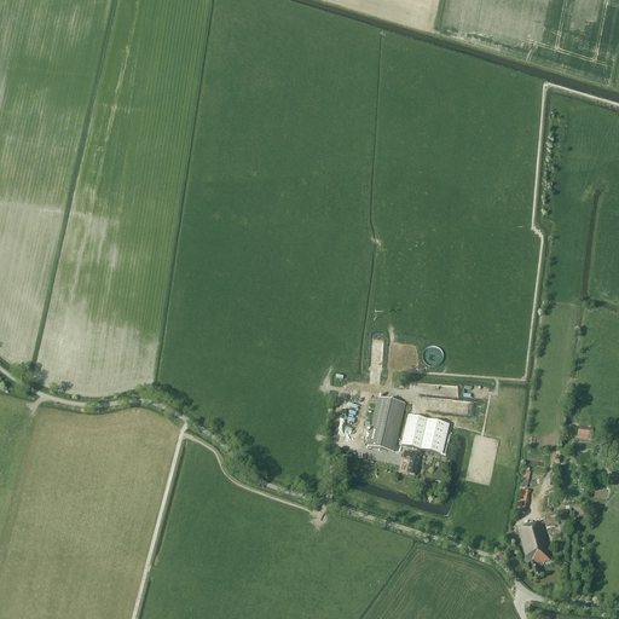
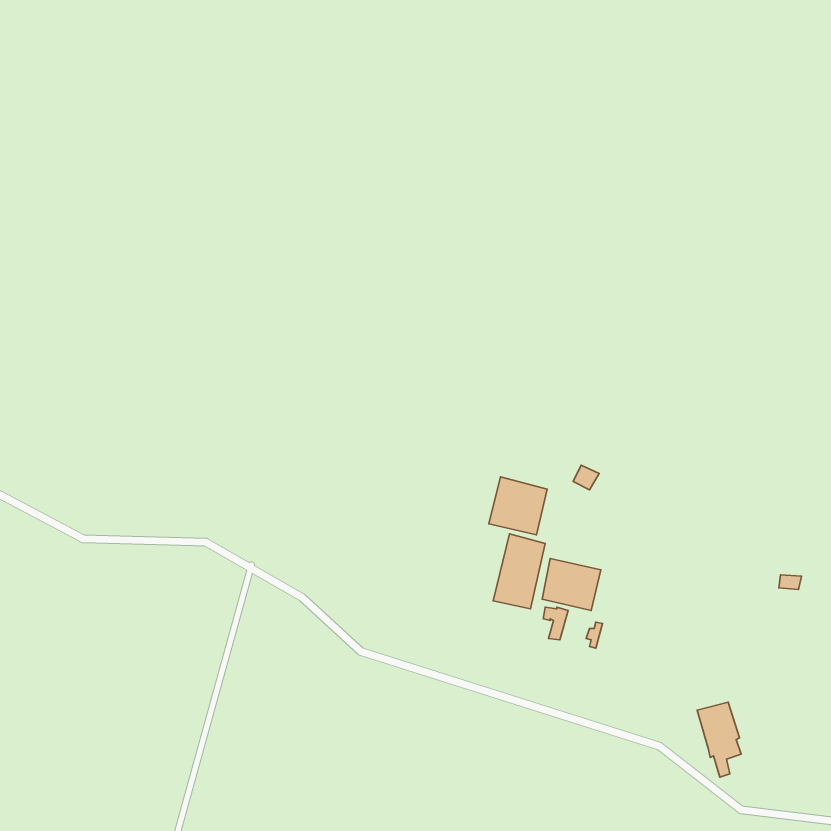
building: none -> [489,477,547,535]

